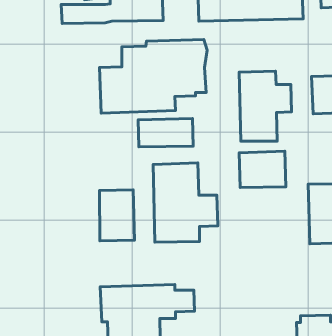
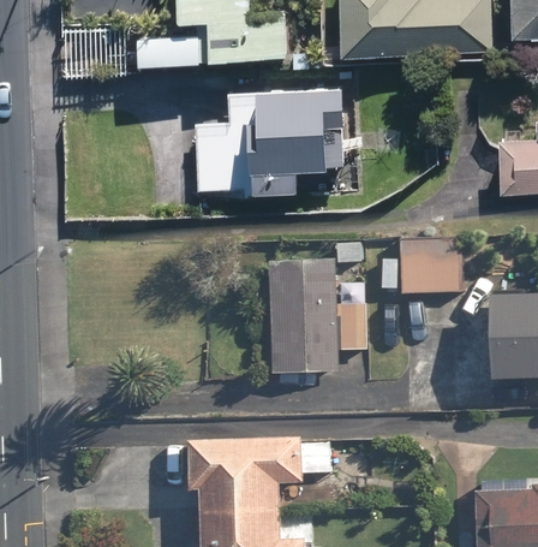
building: [239,71,291,141] -> none
building: [138,118,193,147] -> none
building: [99,190,134,241] -> none

